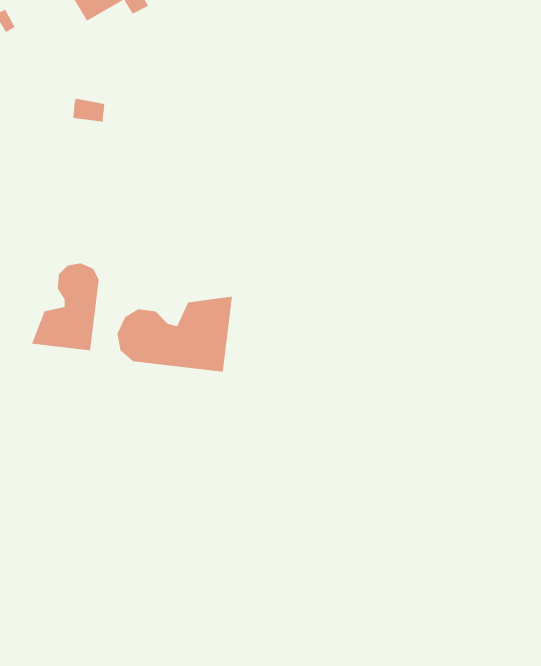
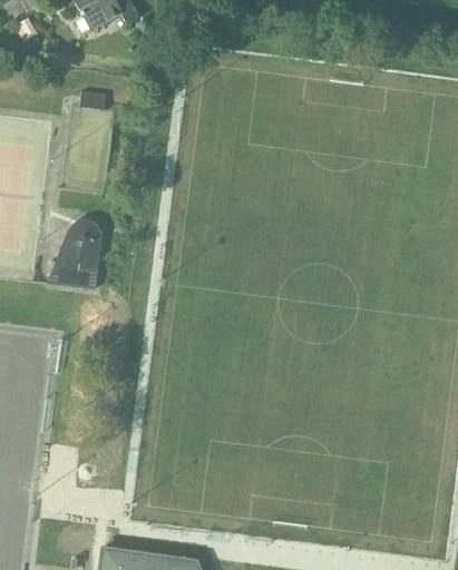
building: [117,296,232,373] -> none

